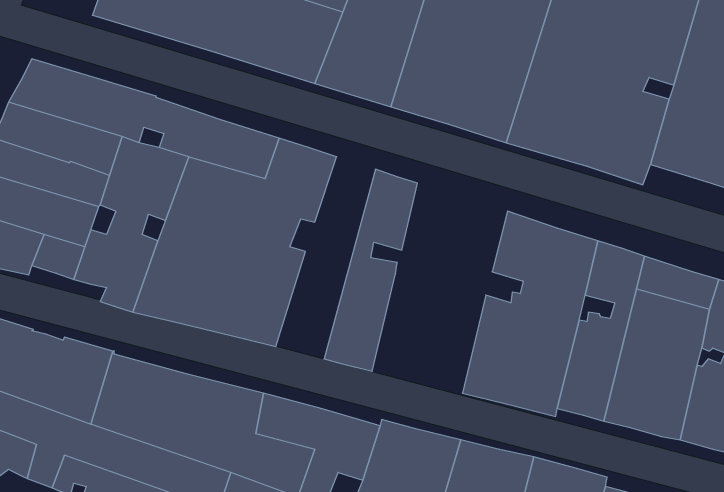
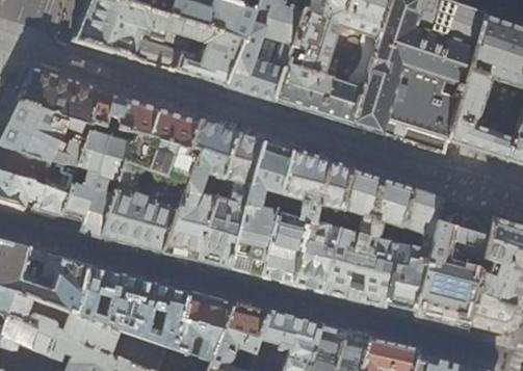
building: none -> [198,135,264,270]
building: none -> [262,153,352,293]

